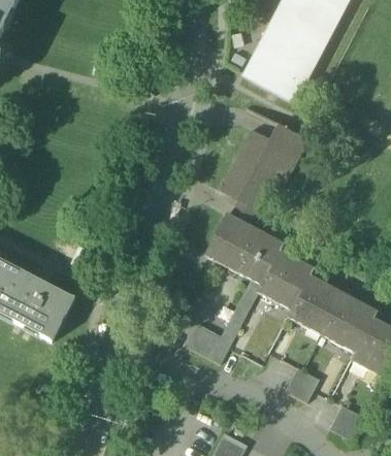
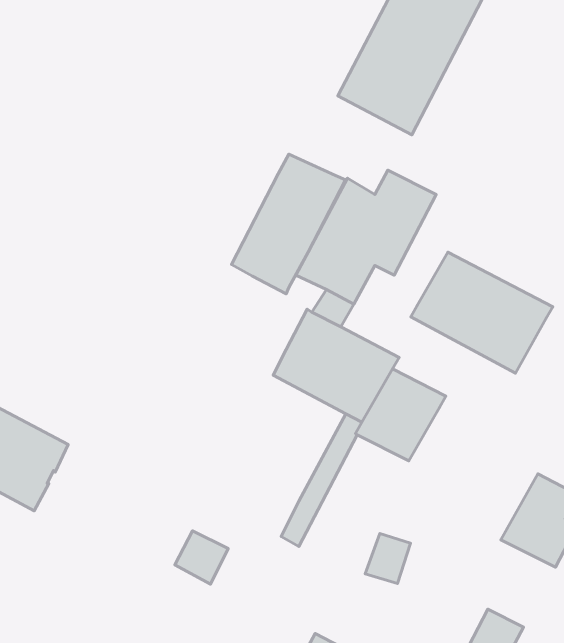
building: none -> [232,154,346,294]
building: [287,274,378,352] -> [411,252,553,373]
building: [187,323,221,357] -> [175,531,228,584]
building: [285,366,320,401] -> none

